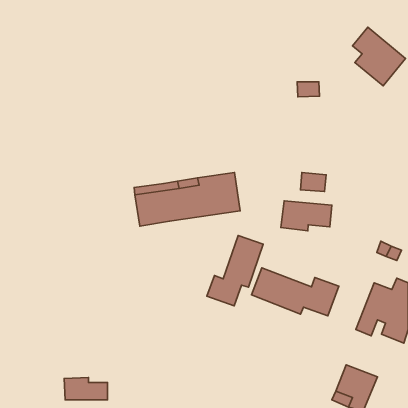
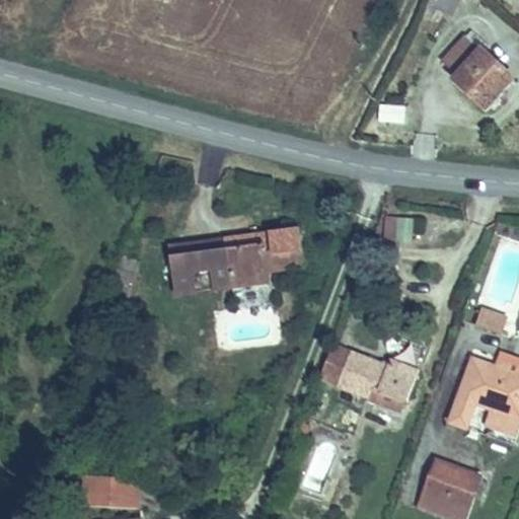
building: [281,201,332,231] -> none
building: [207,235,263,306] -> none

